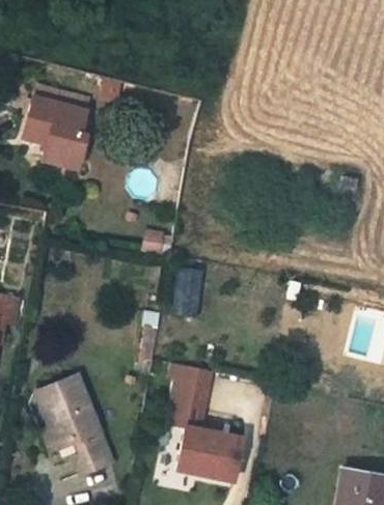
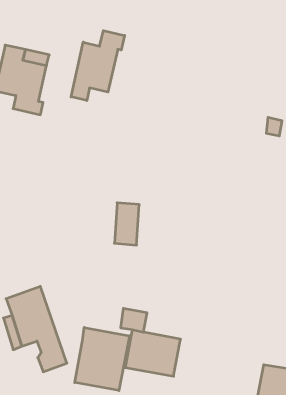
building: none -> [71,31,125,101]
building: [172,363,213,404] -> none
building: none -> [75,327,129,391]

